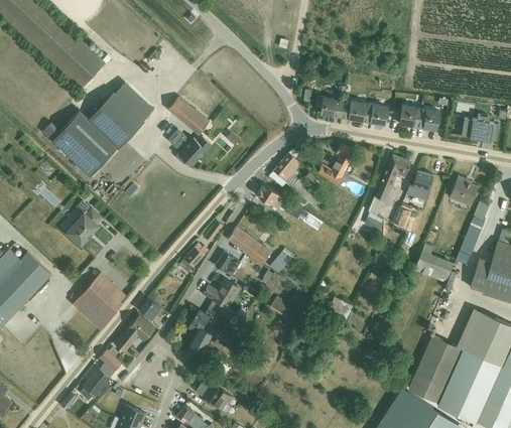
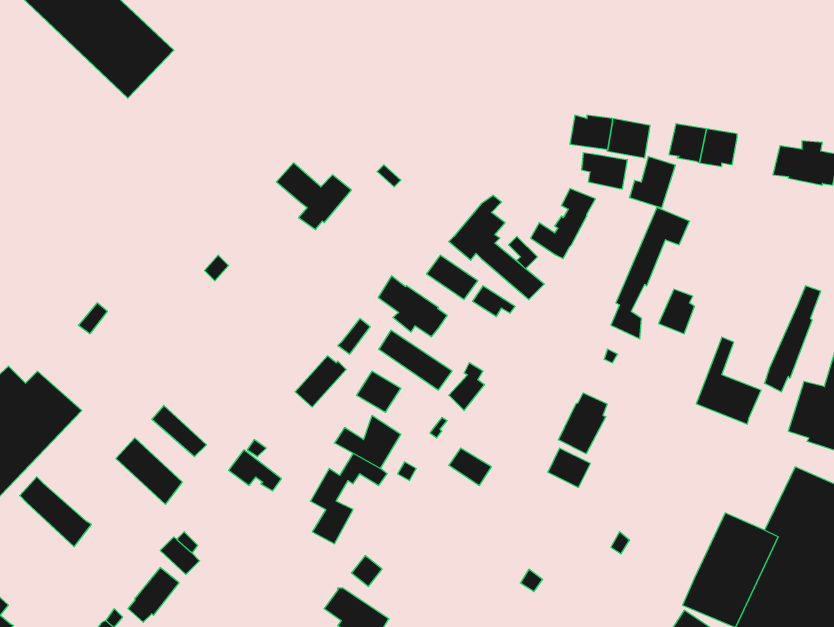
building: [43,82,154,176] -> none
building: [167,96,210,135] -> none
building: [316,97,344,118] -> [581,153,628,189]
building: [406,170,433,200] -> [629,157,675,208]
building: [450,176,478,205] -> none
building: none -> [378,276,447,337]
building: [66,199,102,245] -> none
building: none -> [558,393,607,454]
building: [80,276,122,317] -> [20,477,91,547]
building: [115,315,155,352] -> none

